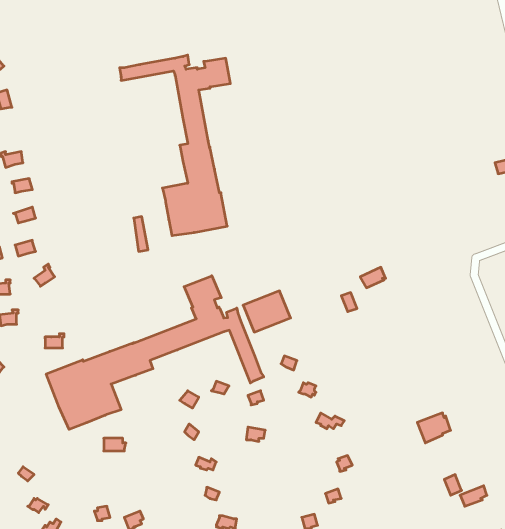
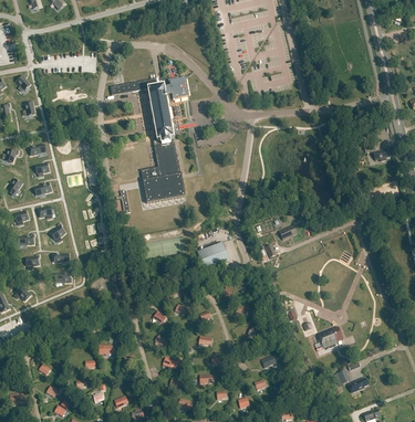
building: [46,276,264,429] -> none

